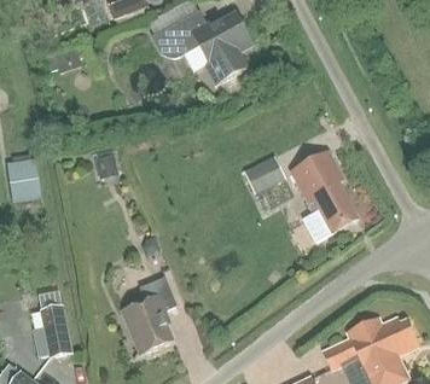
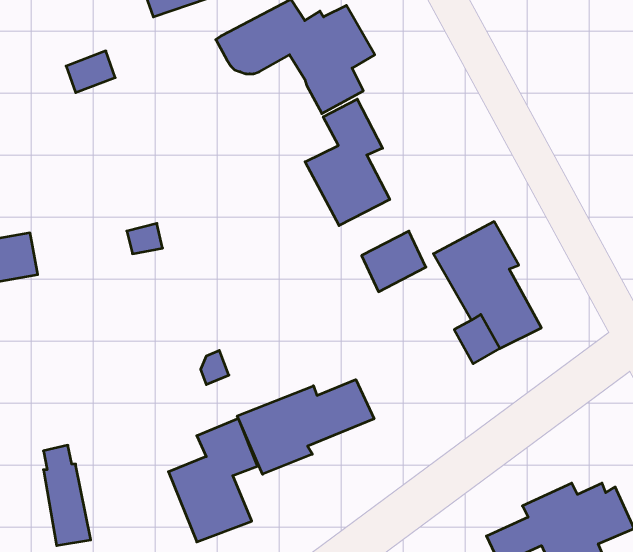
building: none -> [305,99,390,226]
building: none -> [237,380,374,474]

